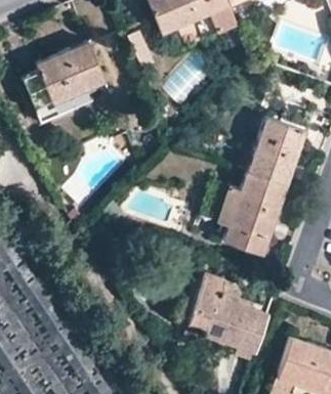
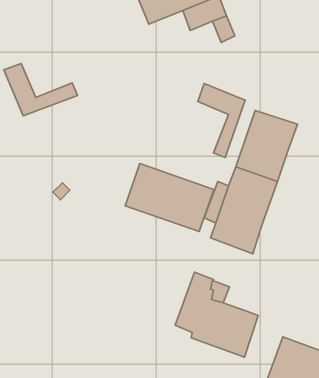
building: [37,42,106,104] -> none
building: none -> [198,83,245,158]
building: none -> [125,164,214,232]

